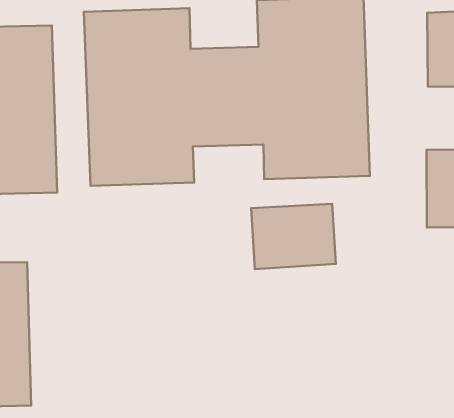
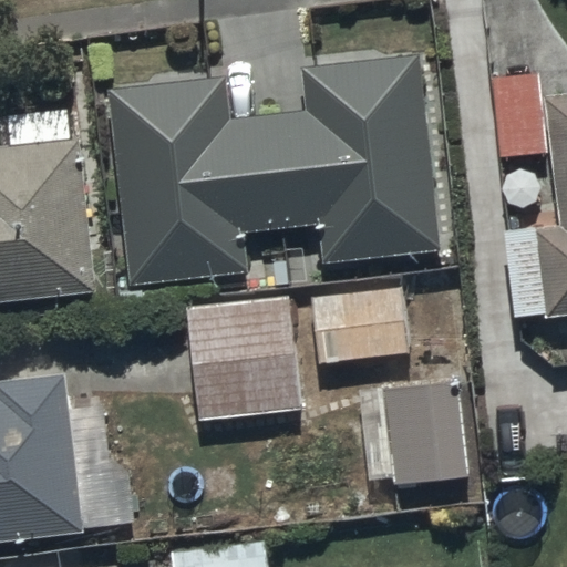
building: none -> [184,296,301,423]
building: none -> [381,378,466,486]

